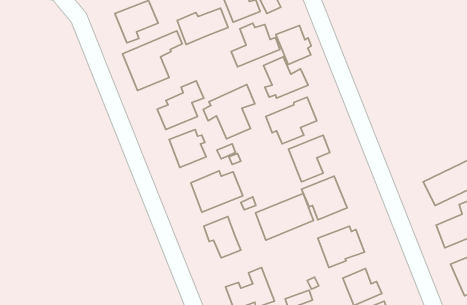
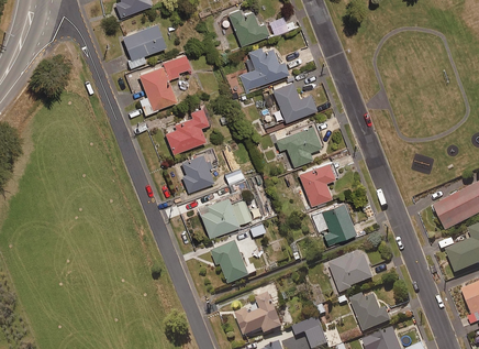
building: [177,8,228,44] -> none
building: [276,26,311,64] -> none
building: [203,85,255,139] -> none
building: [255,193,314,240] -> none

